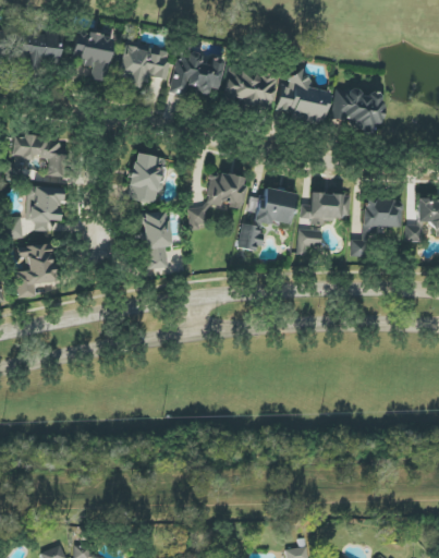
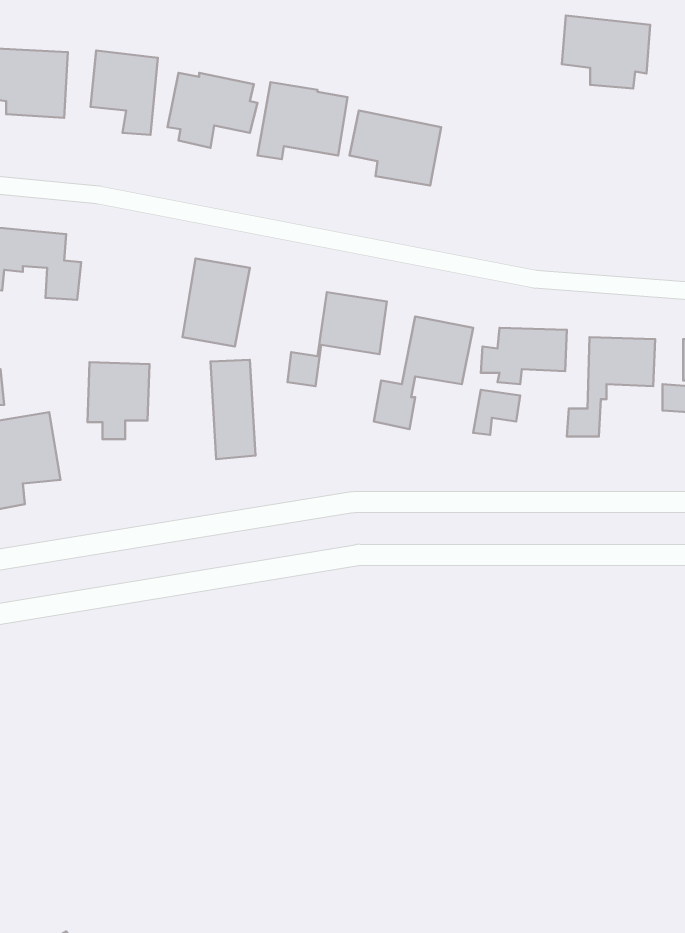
building: [277,72,329,123] -> none
building: [332,89,383,132] -> [562,15,650,89]
building: [27,186,63,231] -> [88,362,149,439]

